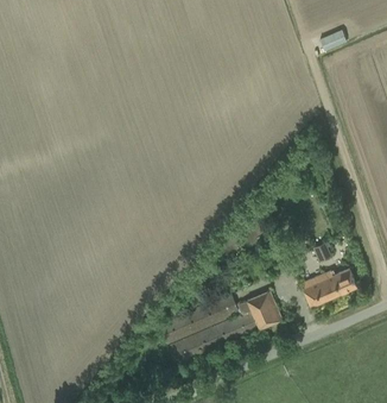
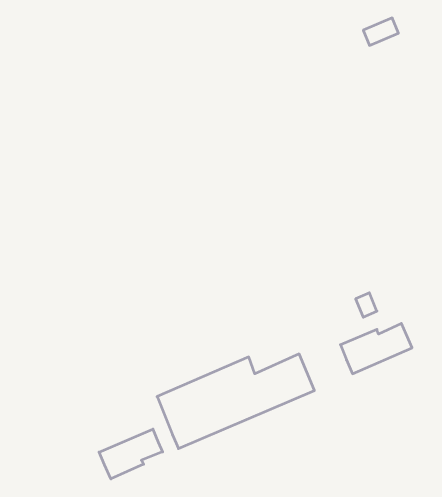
building: none -> [99,429,163,479]

